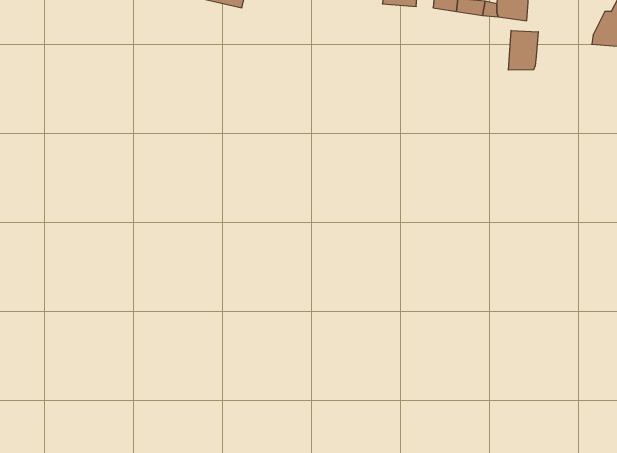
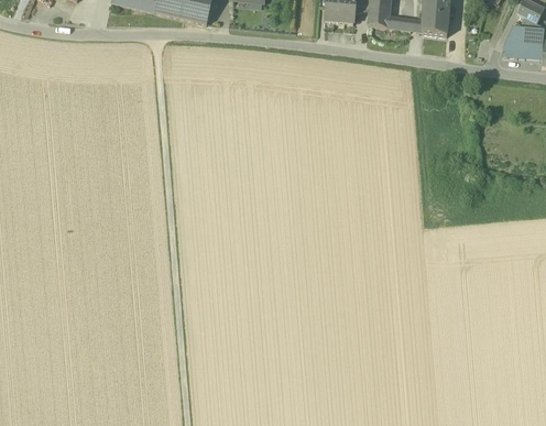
building: [508,30,538,70] -> none

